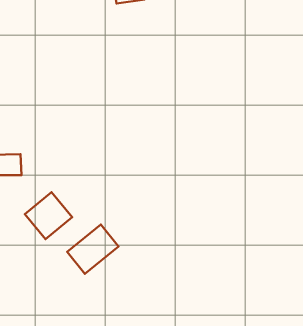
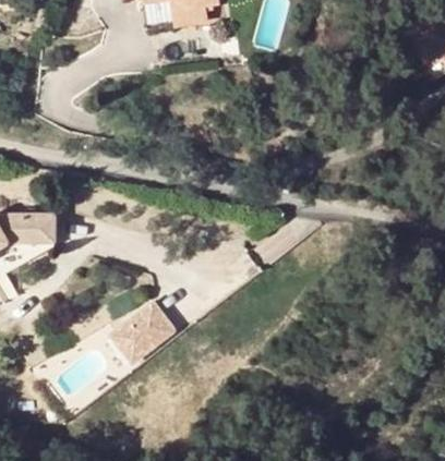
building: [25,192,72,239] -> none

